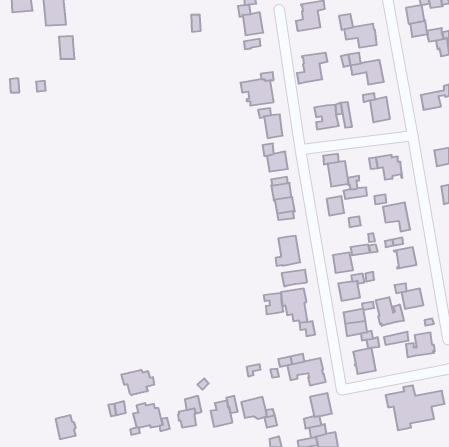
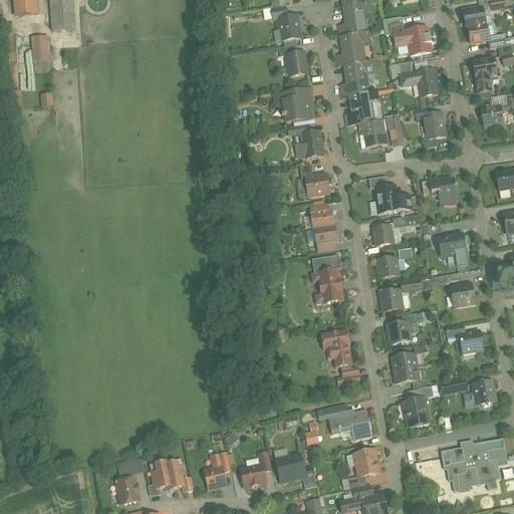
building: none -> [334,31,369,65]
building: [59,36,75,59] -> [31,34,49,60]
building: none -> [286,51,306,75]
building: none -> [472,56,497,92]
building: none -> [343,89,378,124]
building: none -> [375,256,399,278]
building: [282,270,307,286] -> [311,254,340,273]
building: [264,293,283,314] -> none
building: [376,297,404,326] -> none
building: [121,370,154,395] -> none
building: [56,415,76,439] -> [115,477,139,504]

